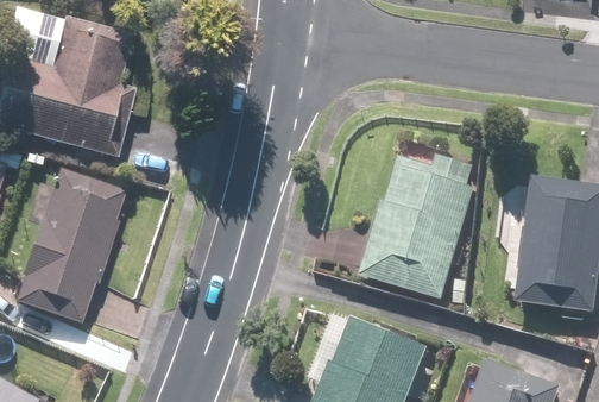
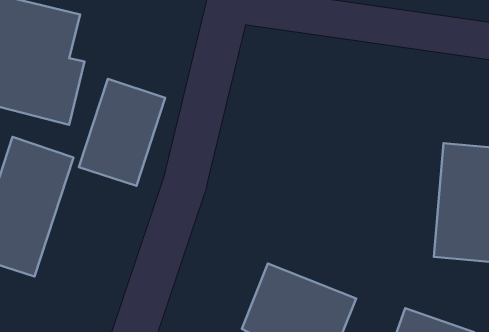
building: none -> [79,79,165,186]
building: [360,143,484,301] -> none

